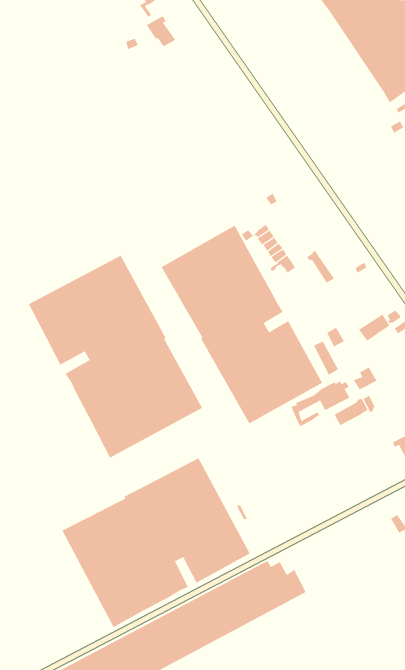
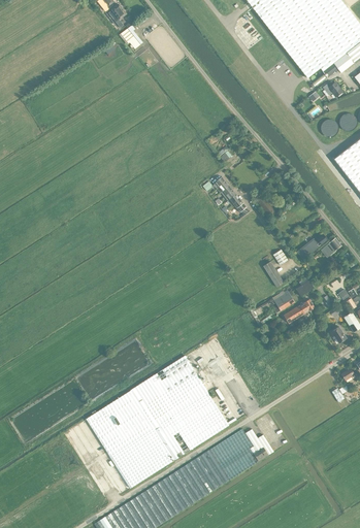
building: [161,225,323,424] -> none
building: [28,255,203,459] -> none

